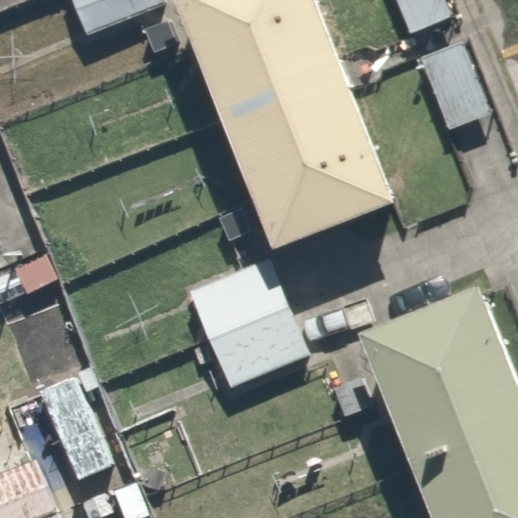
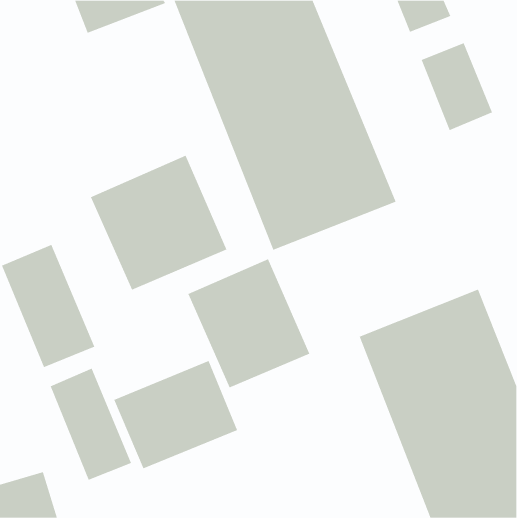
building: none -> [90,155,227,291]
building: none -> [114,360,238,469]

